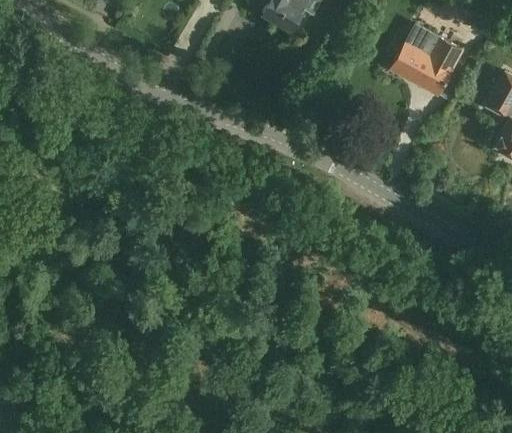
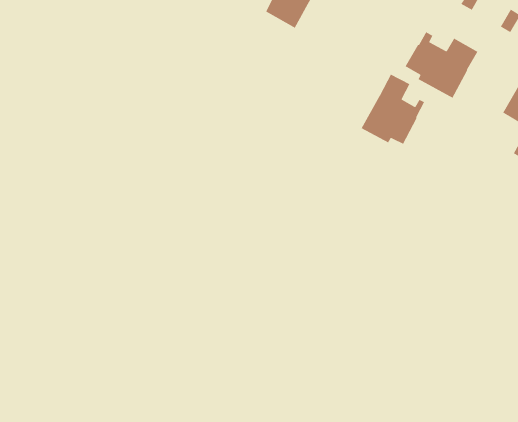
building: none -> [361,73,425,145]

